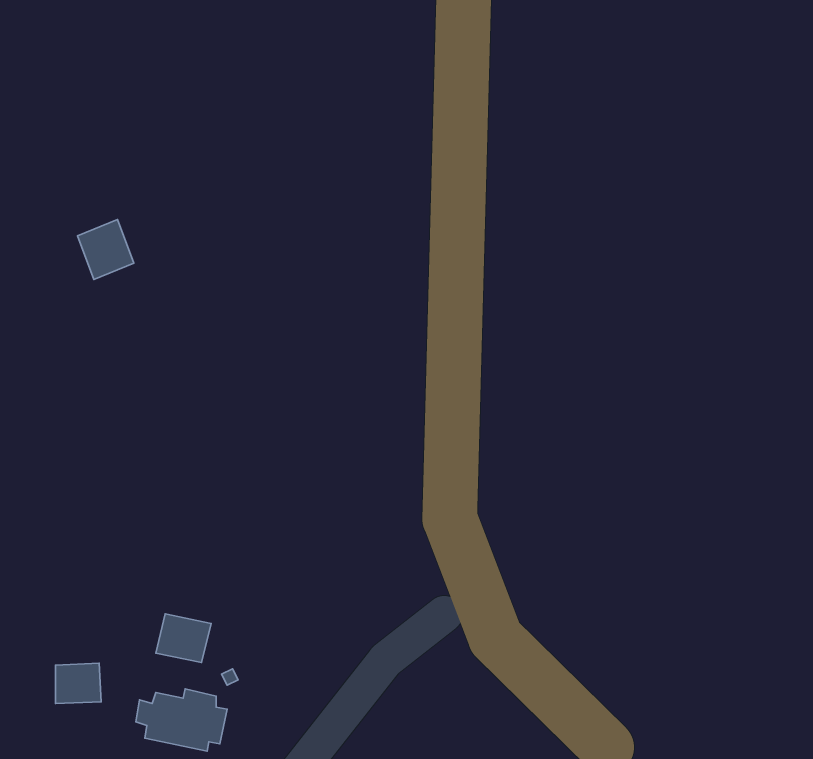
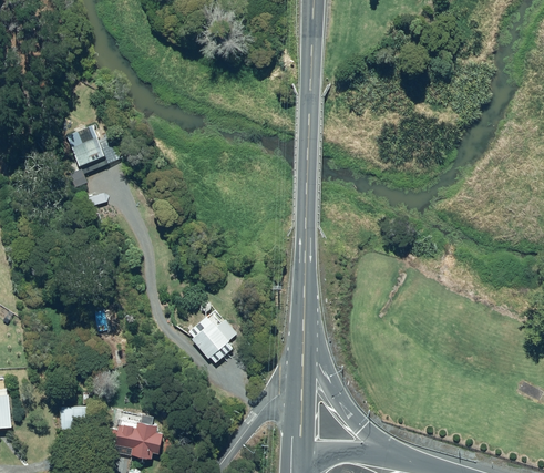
building: none -> [187,315,235,361]
building: [156,614,211,663] -> none

